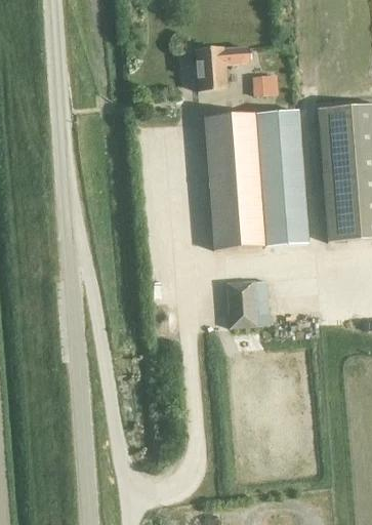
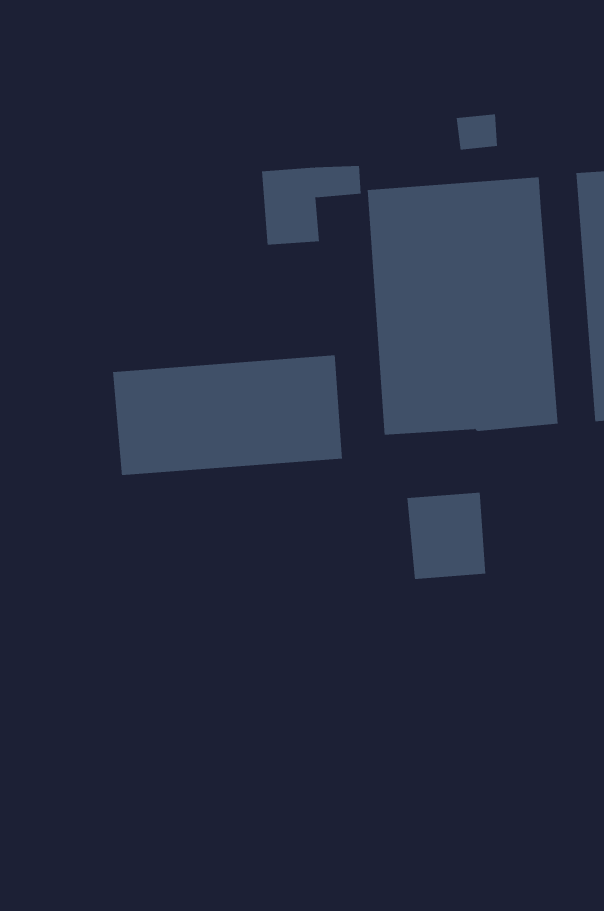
building: [195,46,249,89] -> [261,165,362,245]
building: none -> [112,354,343,476]

